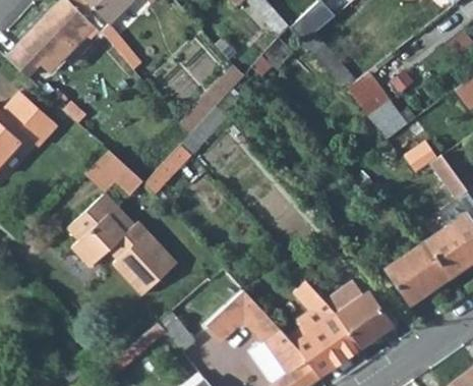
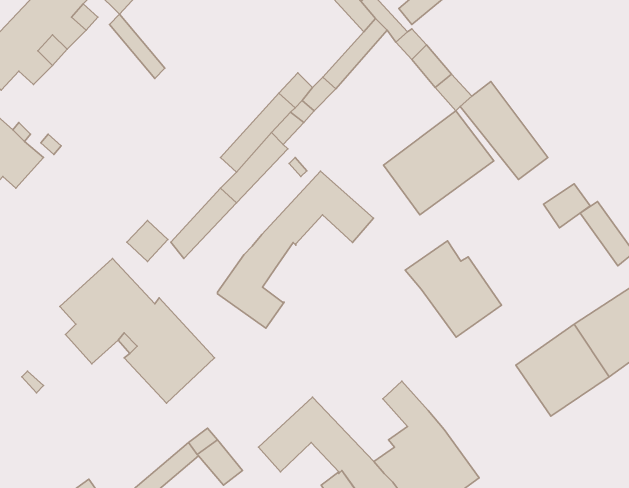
building: none -> [383,111,494,215]
building: none -> [217,171,373,328]
building: [83,150,129,194] -> none
building: [324,279,392,346] -> [405,241,502,337]

